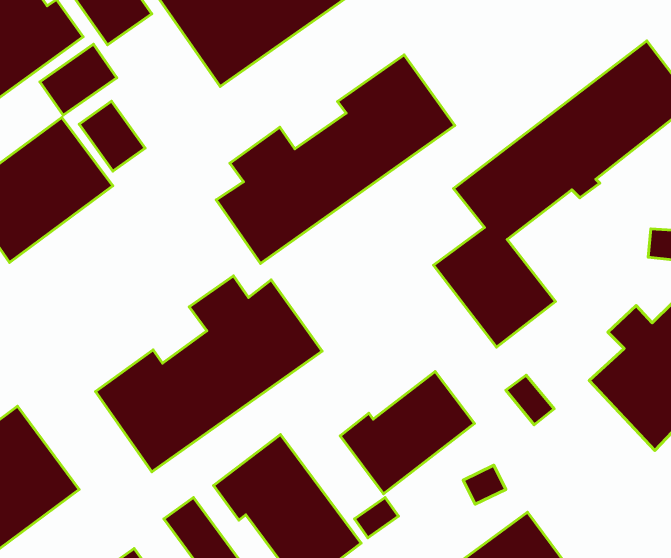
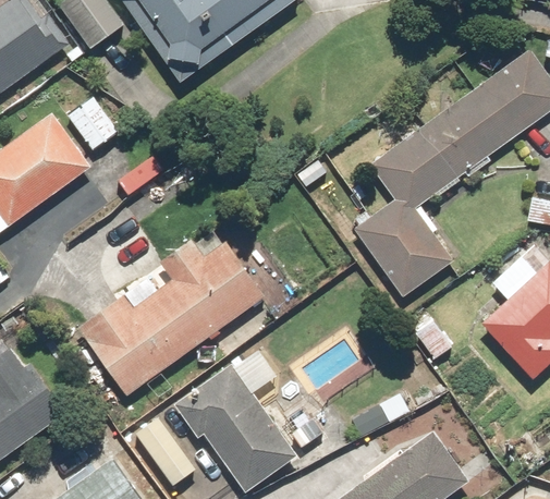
building: [40,44,117,115] -> none
building: [216,55,455,263] -> none
building: [340,372,474,494] -> none

